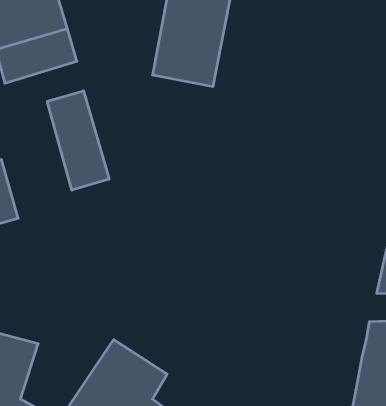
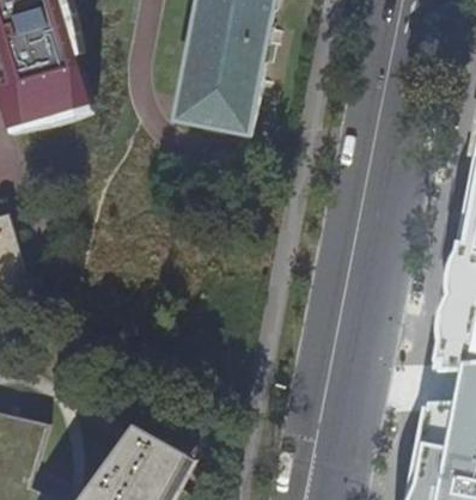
building: [47,91,109,190] -> none

